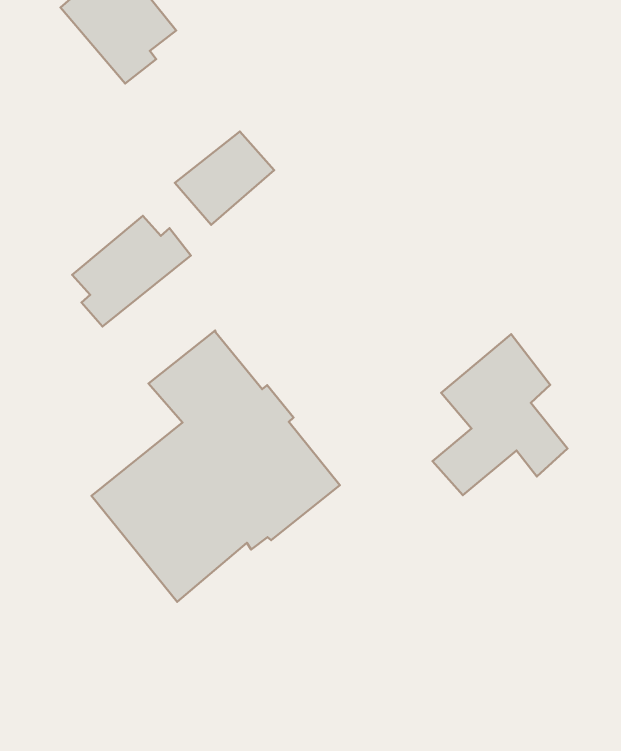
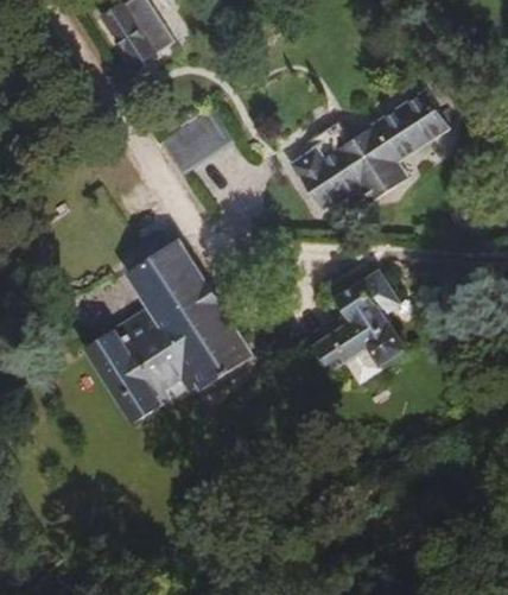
building: none -> [293,89,450,213]
building: [72,216,191,326] -> none

